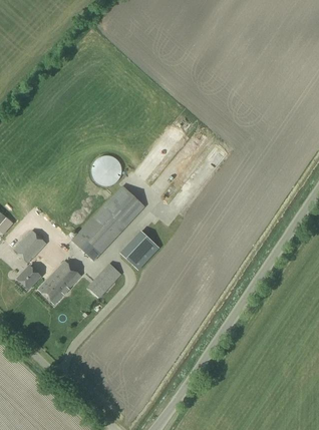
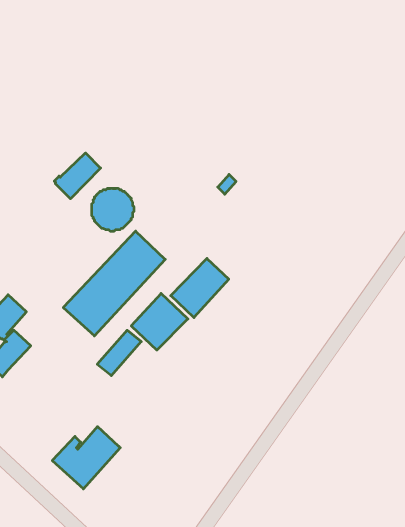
building: none -> [54,153,101,199]
building: none -> [171,258,229,318]
building: [32,261,80,305] -> [52,427,120,489]

